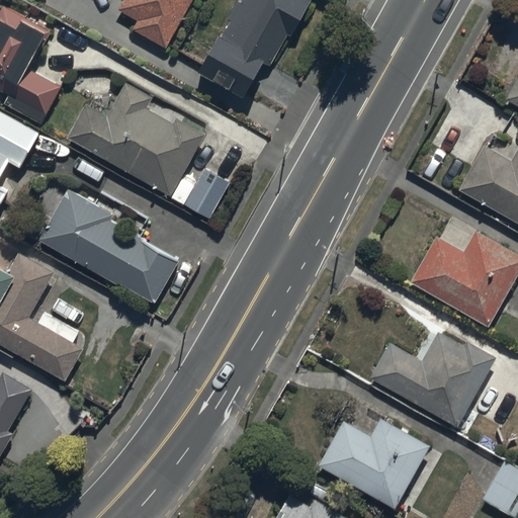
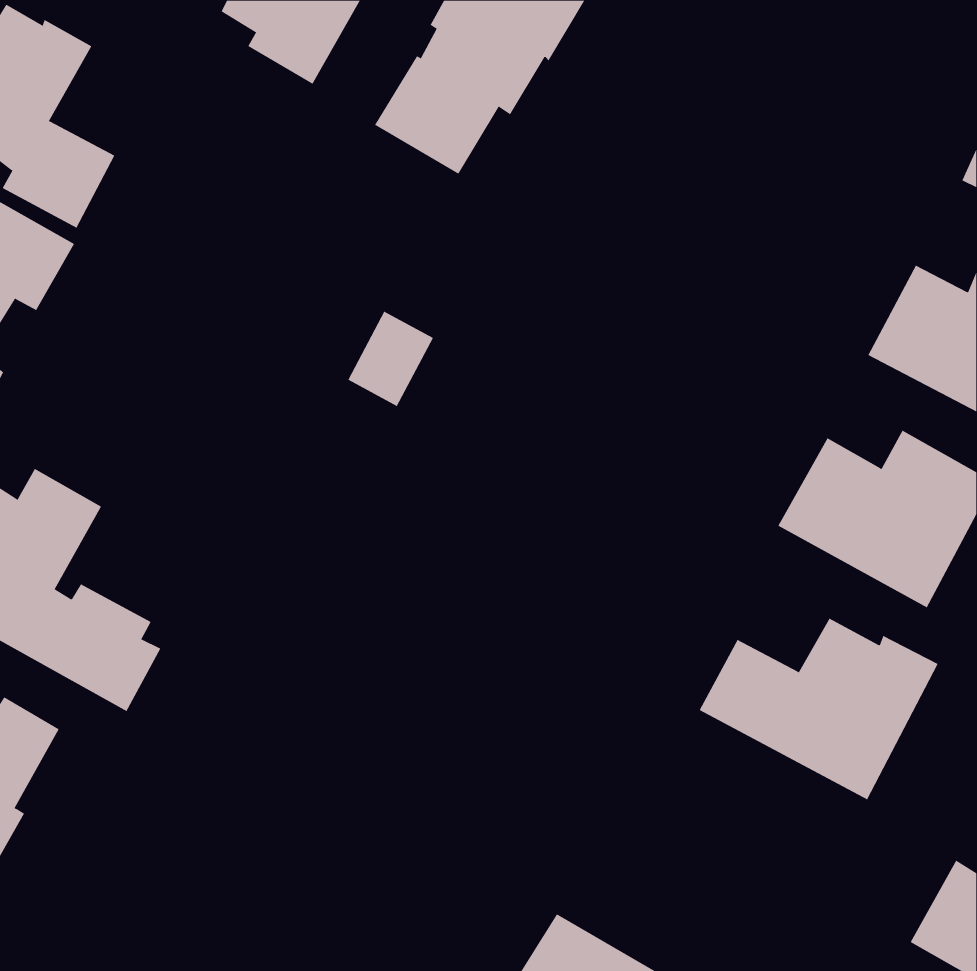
building: [68,83,206,197] -> none
building: [38,190,179,304] -> none
building: [317,418,430,509] -> none

